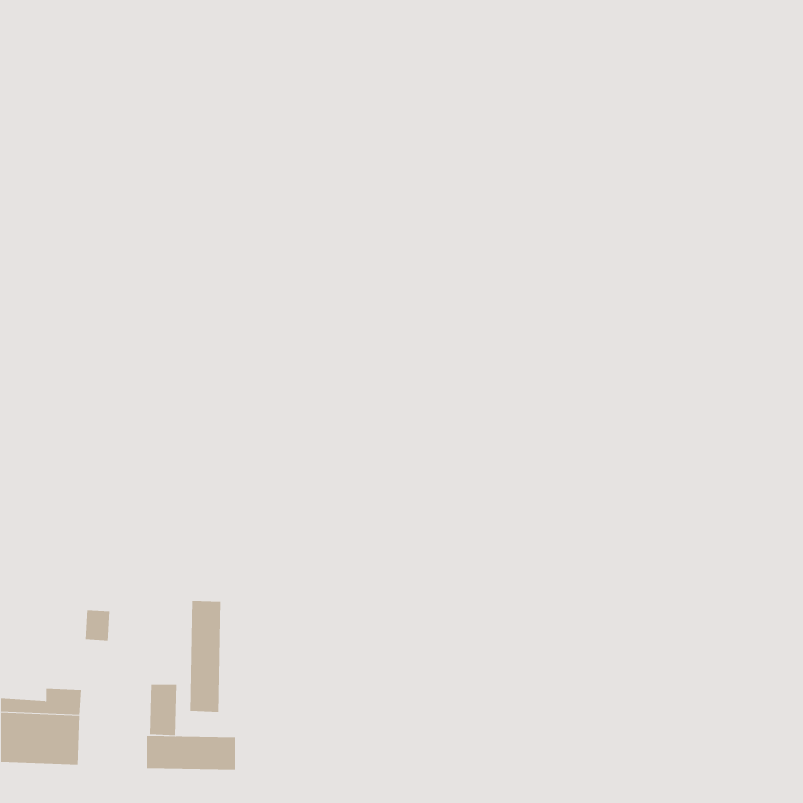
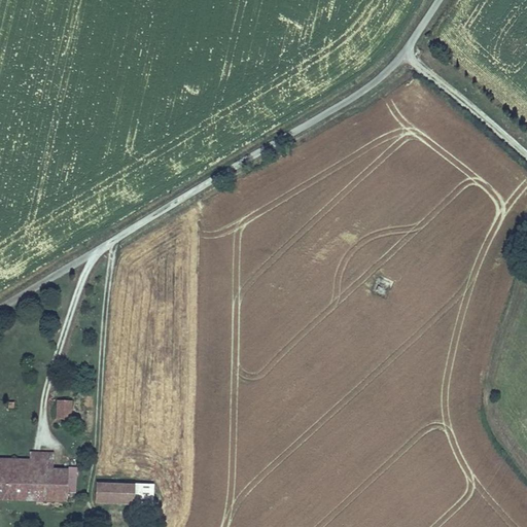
building: [190,600,221,713] -> none
building: [149,684,177,736] -> [51,468,70,502]

